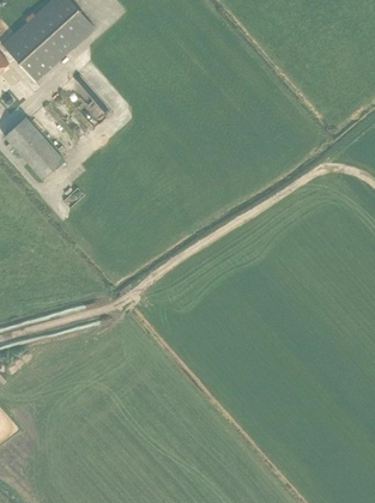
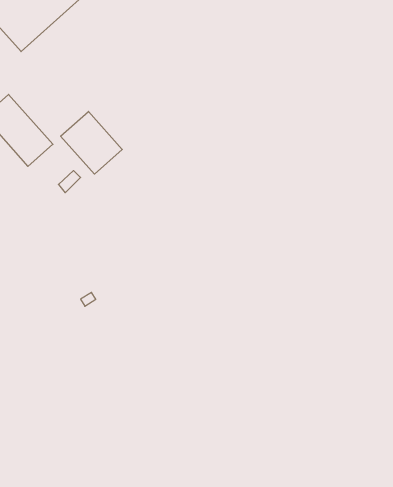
building: none -> [61,111,122,174]

